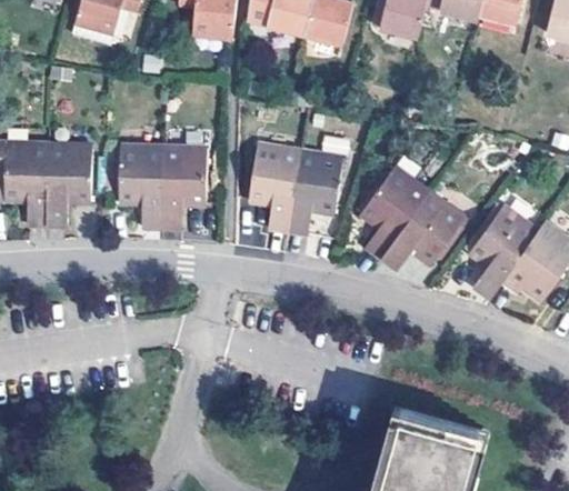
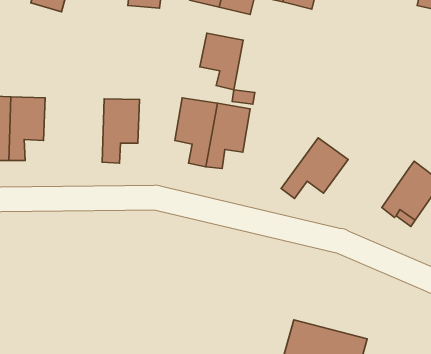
building: none -> [200,33,243,90]
building: [119,147,163,226] -> none
building: [361,171,426,258] -> none
building: [470,209,537,299] -> none

